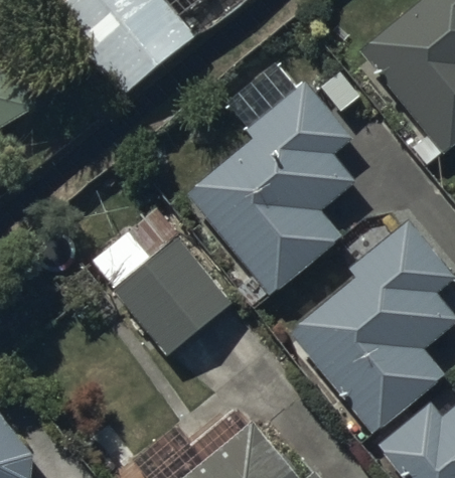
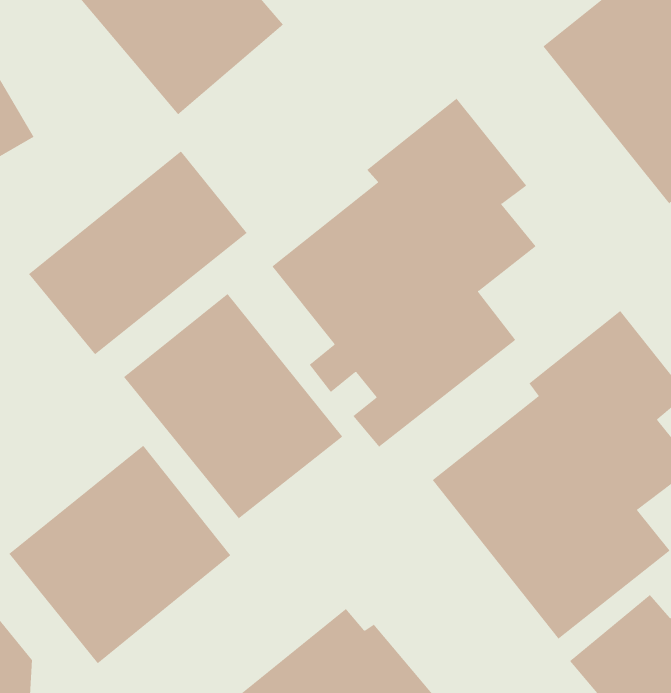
building: none -> [28,150,248,355]
building: none -> [8,445,231,664]

